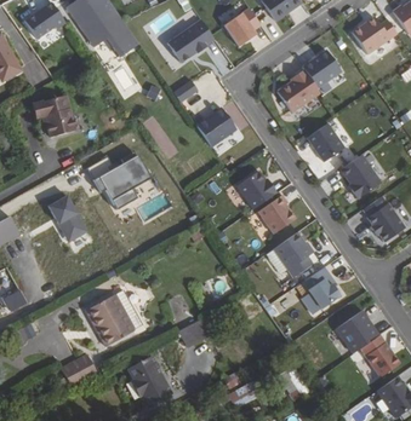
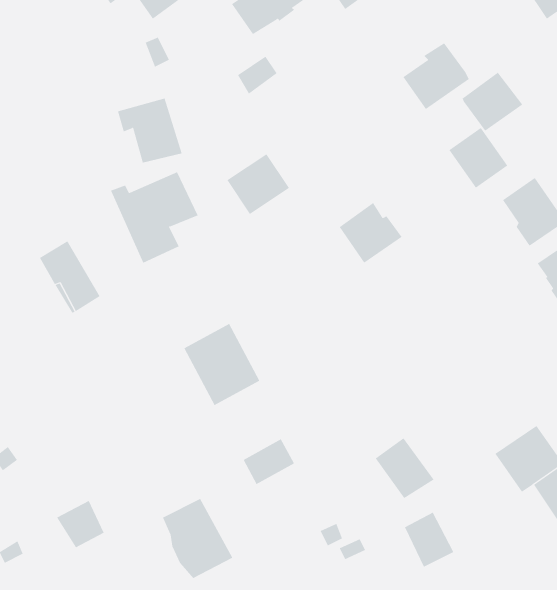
building: [303,50,342,87] -> [462,72,523,131]
building: [35,94,76,135] -> [117,98,183,163]
building: [196,106,236,145] -> [227,153,290,215]
building: [258,195,296,233] -> none
building: [273,231,313,270] -> none
building: [303,269,341,307] -> [375,437,435,499]
building: [85,293,133,345] -> [183,323,260,406]

